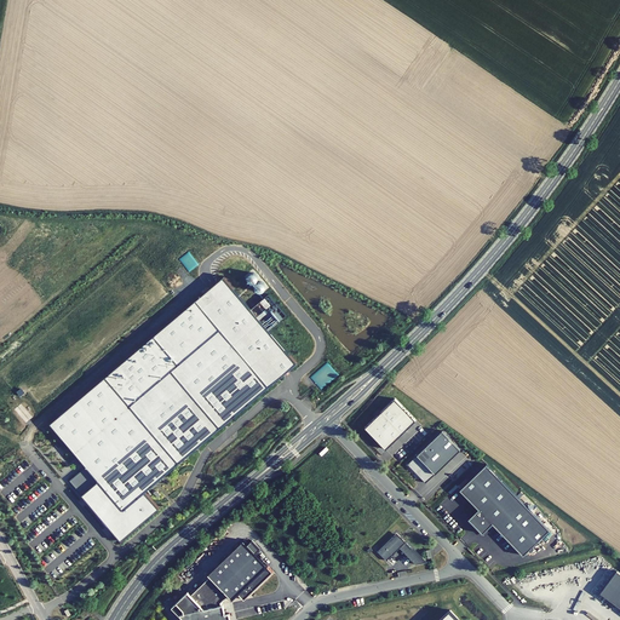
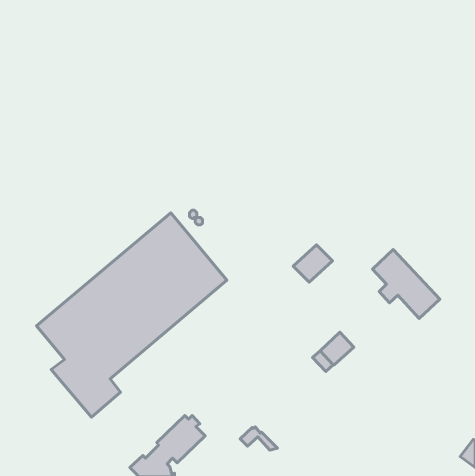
building: [362,401,413,449] -> [293,245,332,282]
building: [460,466,547,556] -> [373,250,440,319]
building: [375,535,424,566] -> [240,427,277,450]

